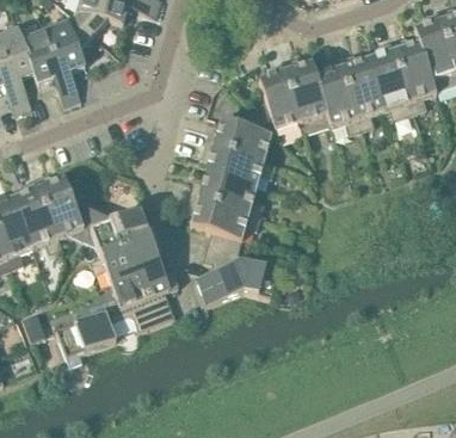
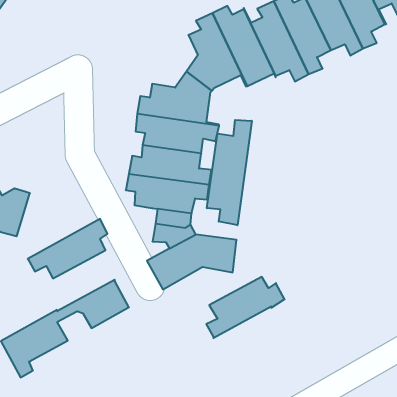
building: none -> [207,120,252,225]
building: [82,202,159,260] -> none
building: [105,261,178,310] -> [206,277,285,338]

